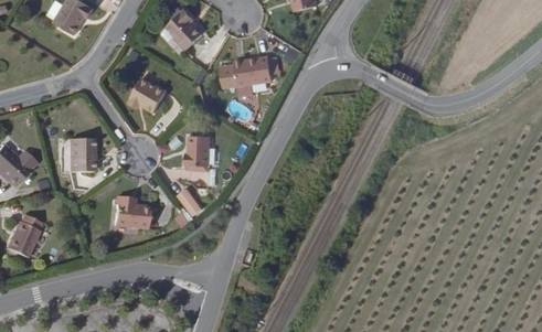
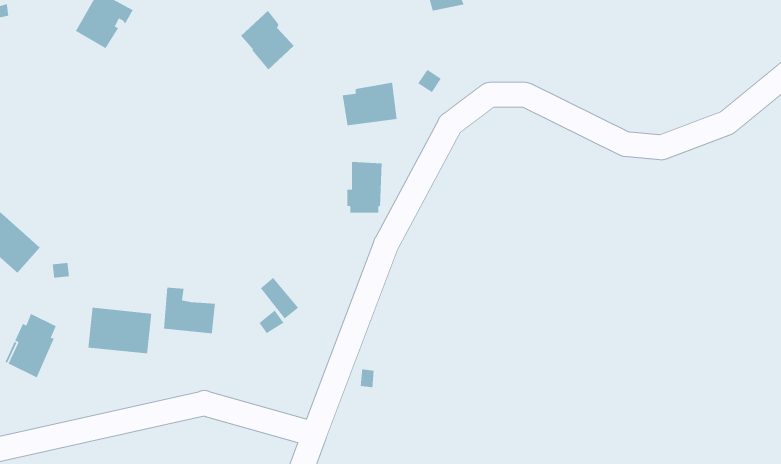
building: [128,77,166,111] -> none
building: [185,133,210,169] -> [346,161,382,214]
building: [66,137,93,171] -> none
building: none -> [88,307,152,354]

